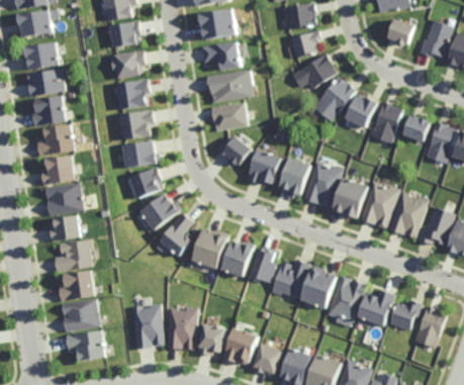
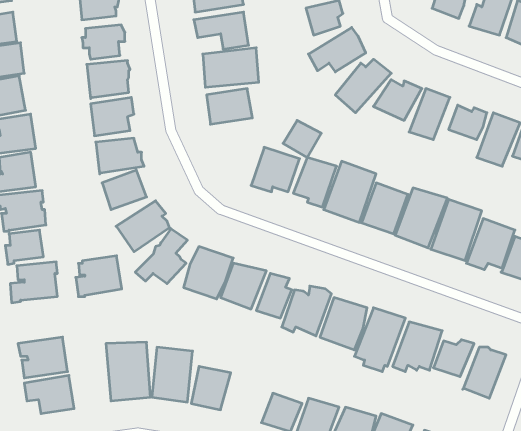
building: [219,136,250,166] -> [283,120,321,157]
building: [58,269,94,301] -> [76,256,122,297]
building: [223,326,262,366] -> none

